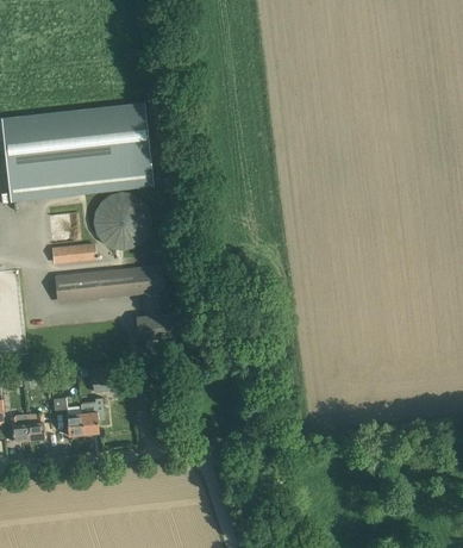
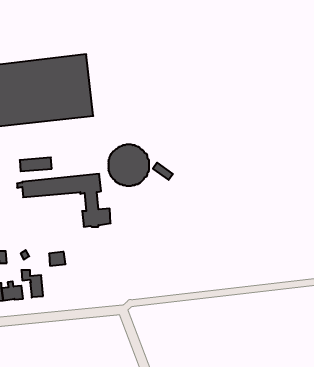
building: [94,192,150,249] -> [108,144,149,186]
building: [81,393,102,434] -> none

